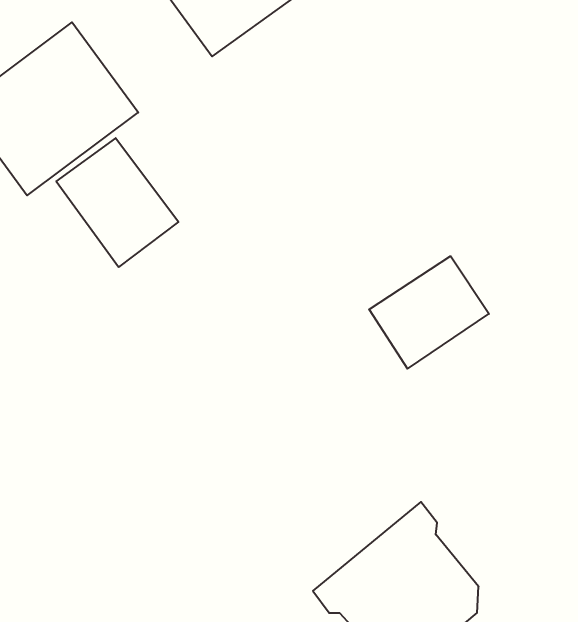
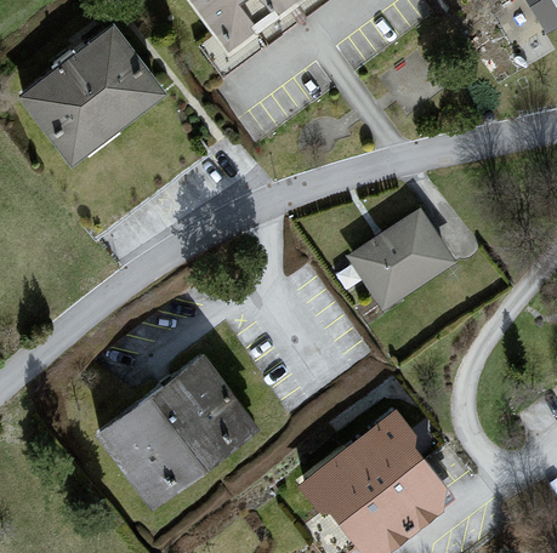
building: [56,138,178,267] -> none
building: none -> [109,367,252,501]

